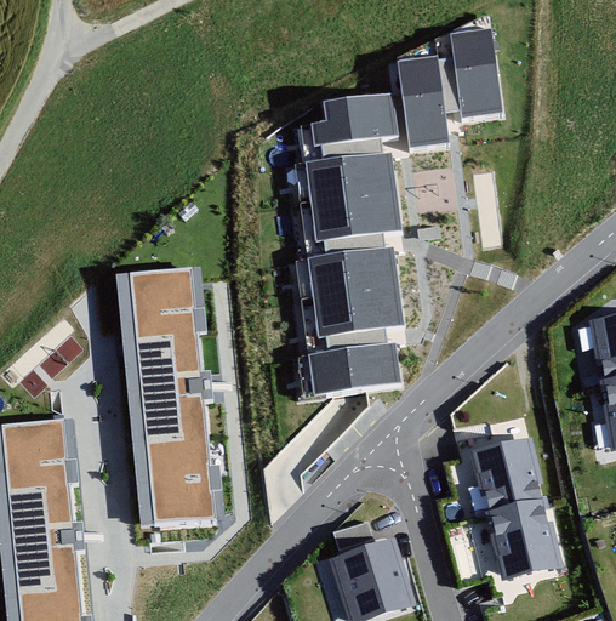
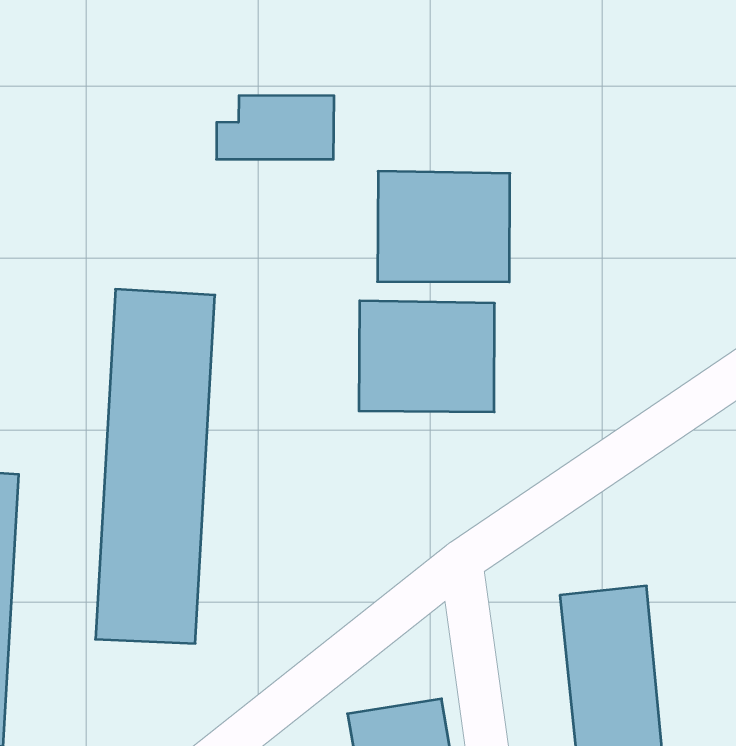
building: [449,24,507,121] -> none
building: [399,53,451,150] -> none
building: [310,90,399,148] -> [216,96,334,159]
building: [300,341,399,395] -> none

